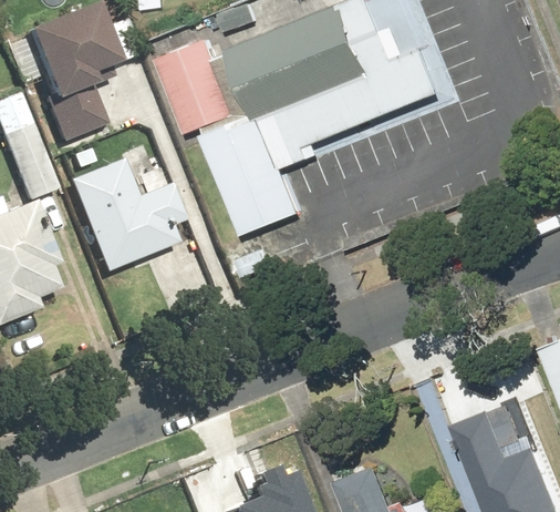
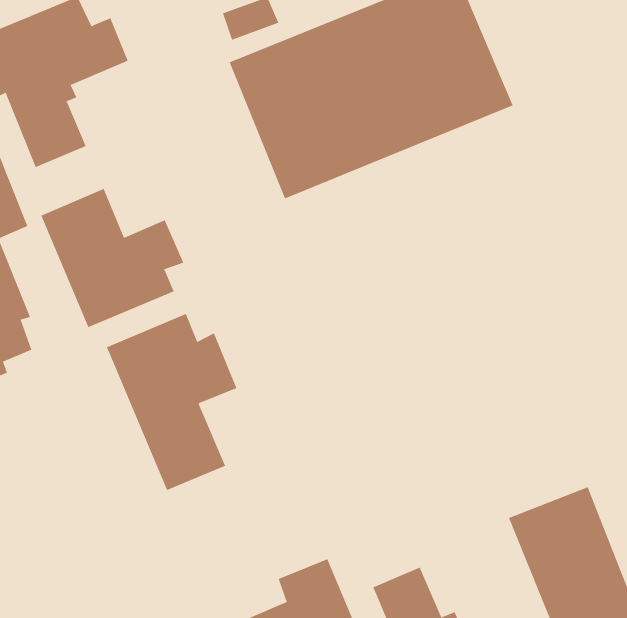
building: [168,39,235,124] -> none
building: [197,120,284,236] -> none
building: none -> [106,313,237,491]

